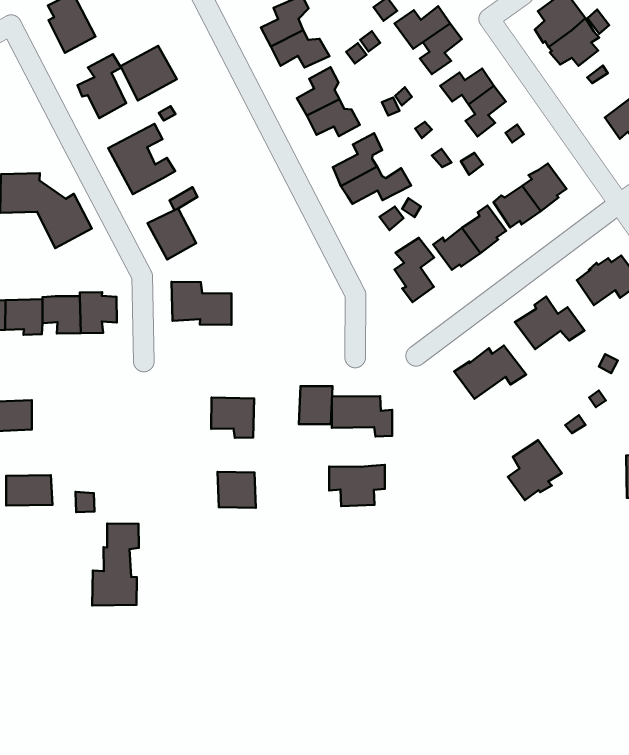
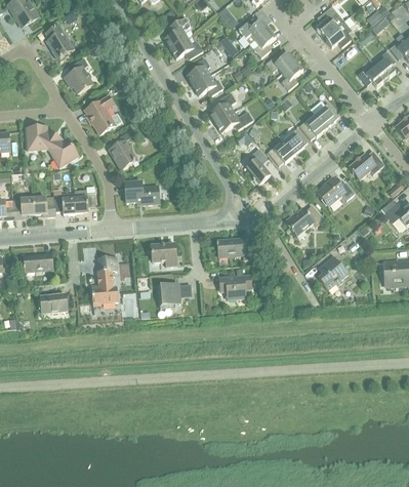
building: [120,46,177,101] -> none
building: [299,386,332,424] -> none
building: [92,523,139,606] -> [91,256,117,303]

